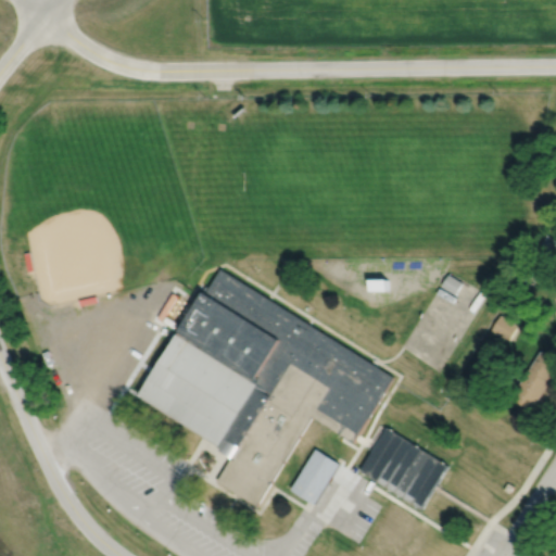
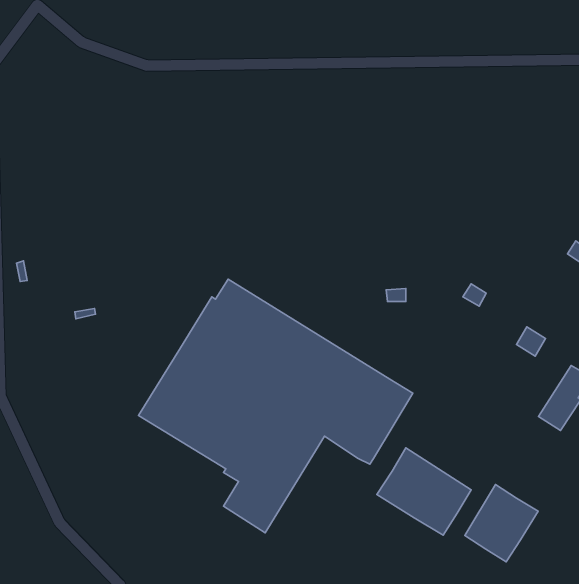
building: [289,448,339,505] -> none
building: none -> [465,485,538,562]

